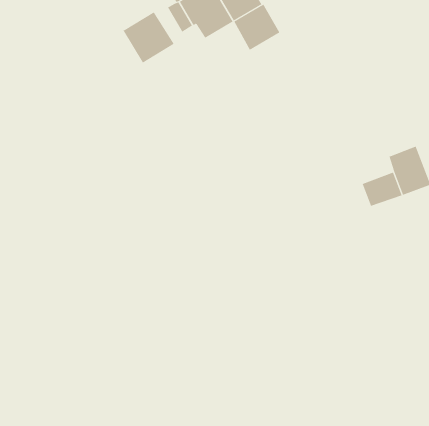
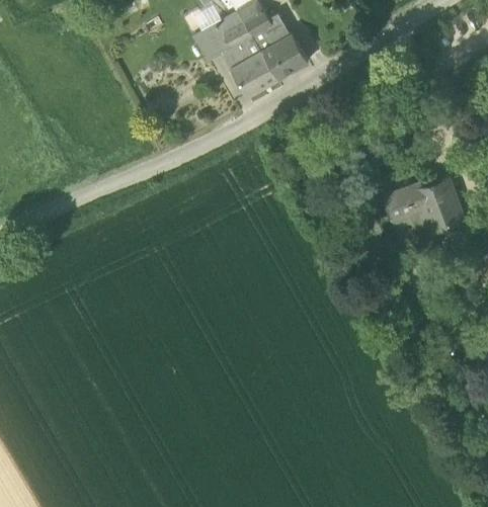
building: [123,12,174,64] -> none
building: none -> [232,51,278,97]
building: none -> [386,183,425,216]

